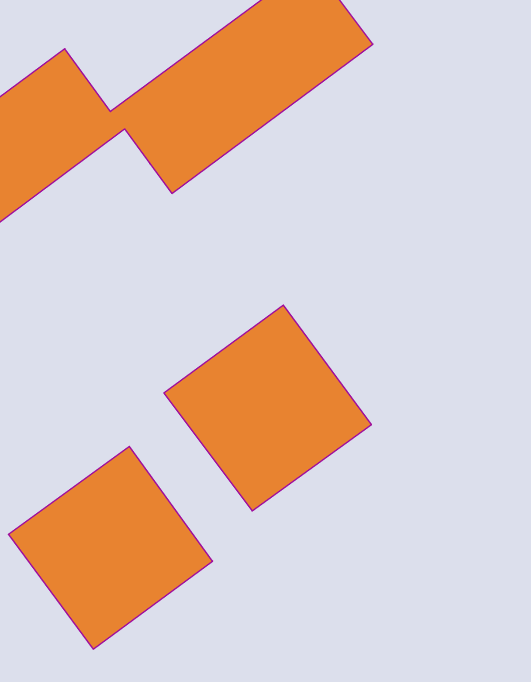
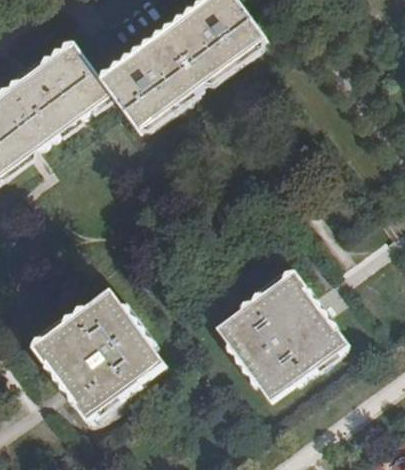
building: [164,305,371,511] -> [216,272,348,403]

